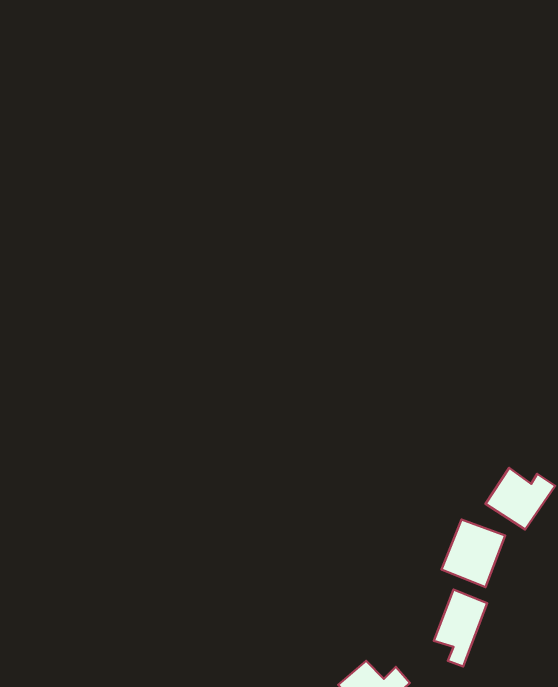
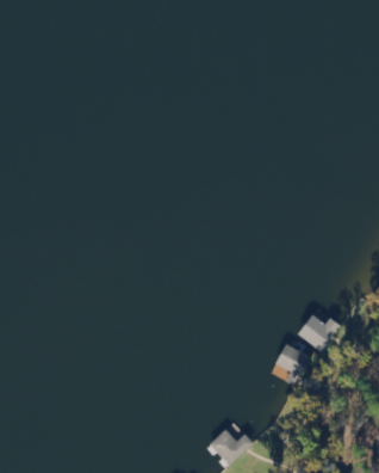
building: [434,589,487,667] -> none

